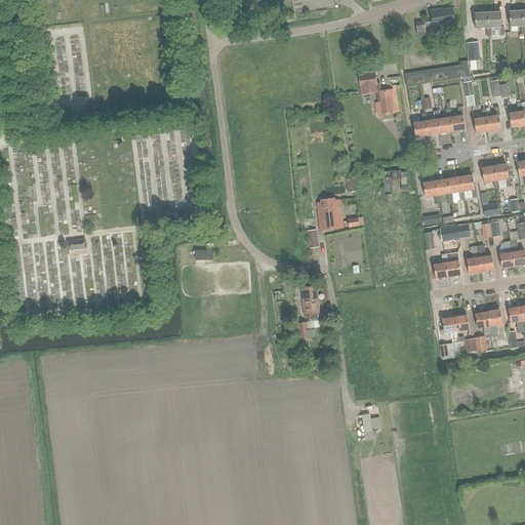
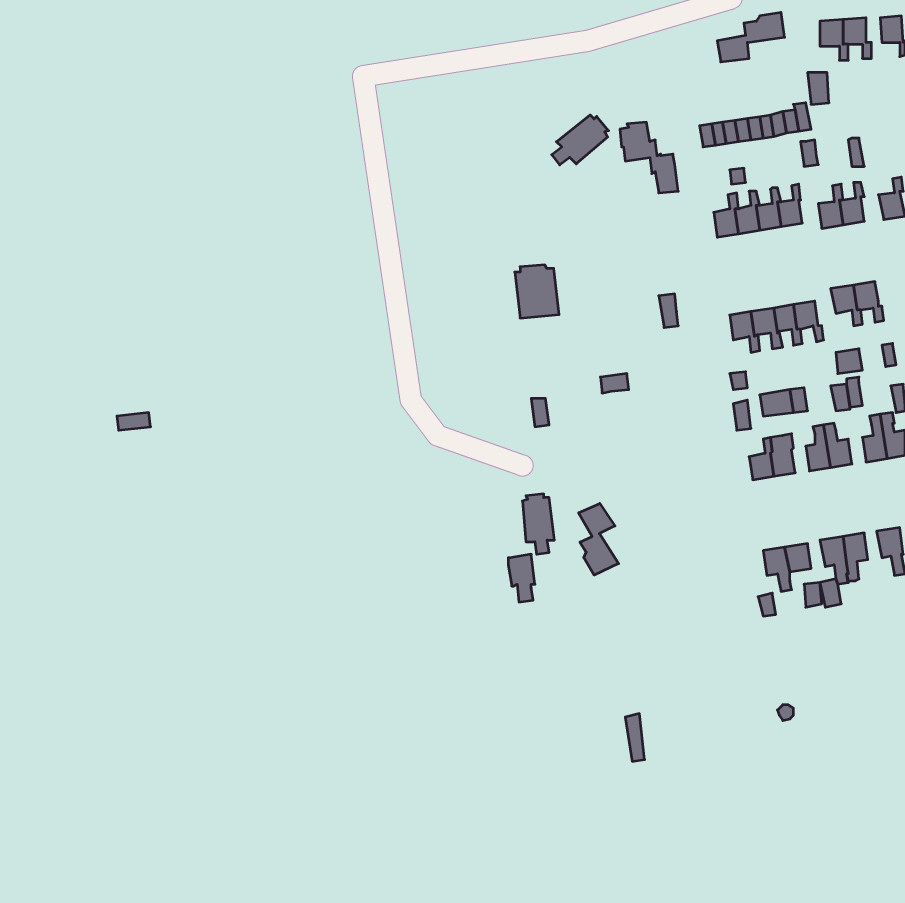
building: none -> [552,115,609,165]
building: [318,198,344,229] -> [515,265,559,318]
building: none -> [579,503,619,575]

